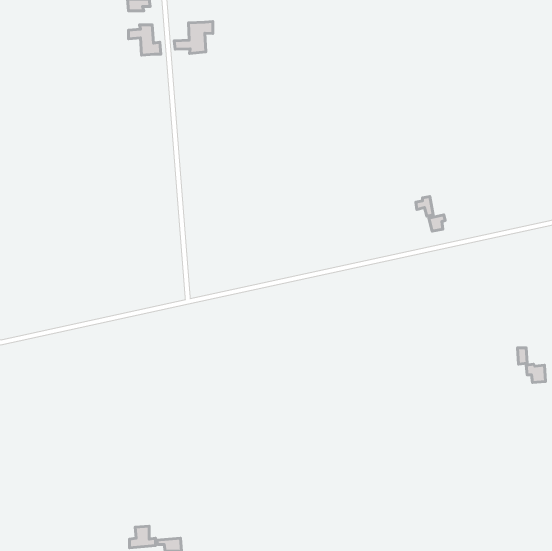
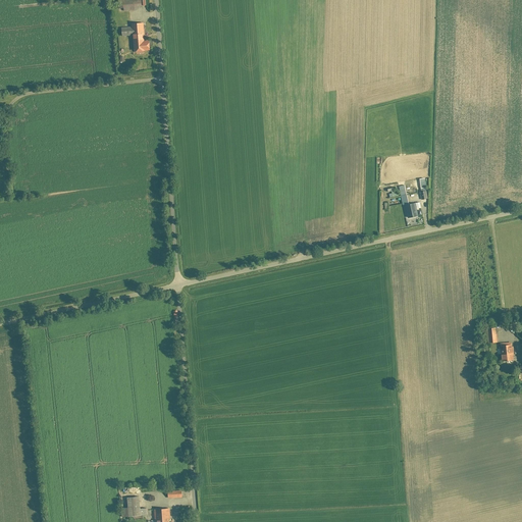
building: [174,21,213,53] -> none

